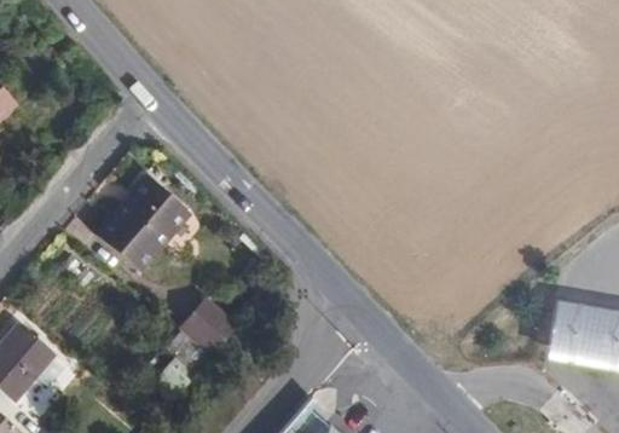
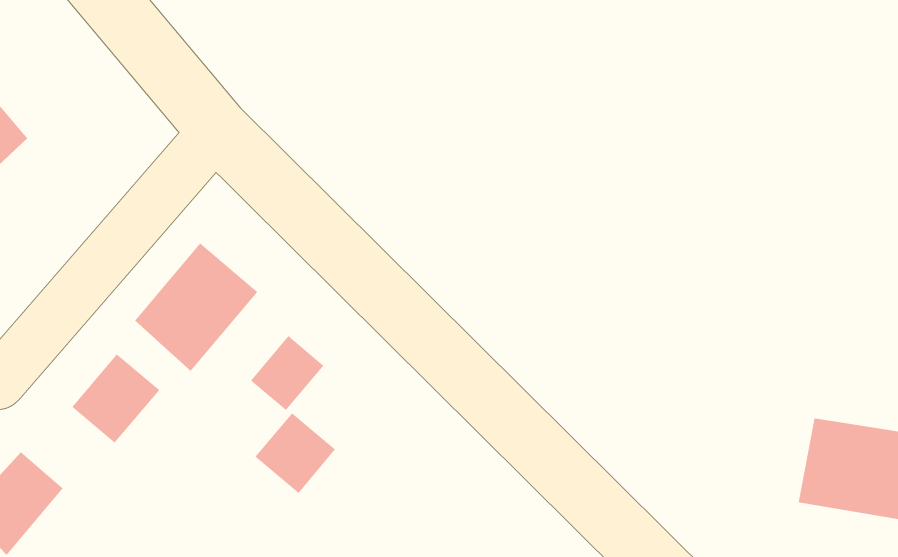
building: none -> [250,335,324,411]
building: none -> [71,353,160,444]

